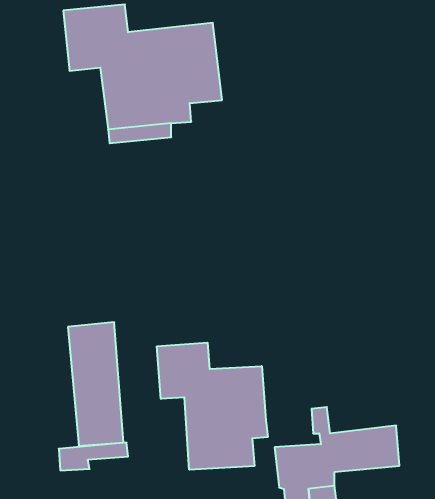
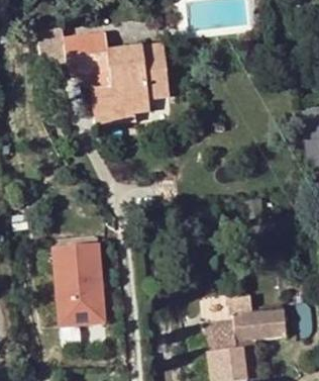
building: [157,343,268,470] -> none

